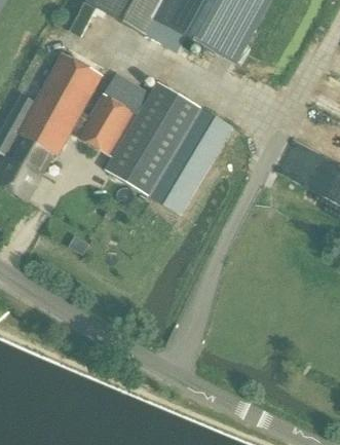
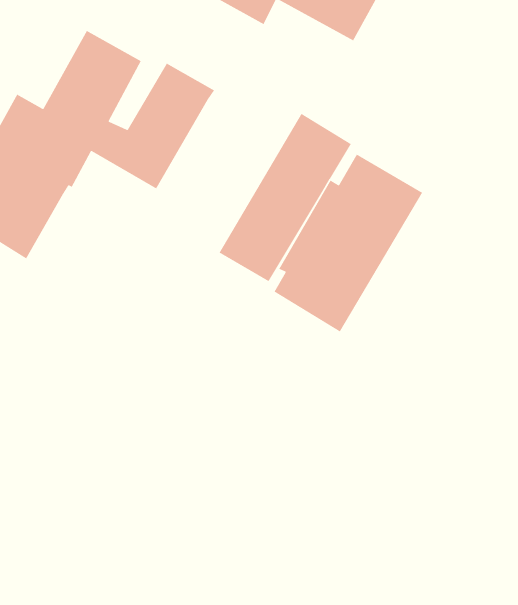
building: [106,82,200,195] -> [273,154,423,332]

